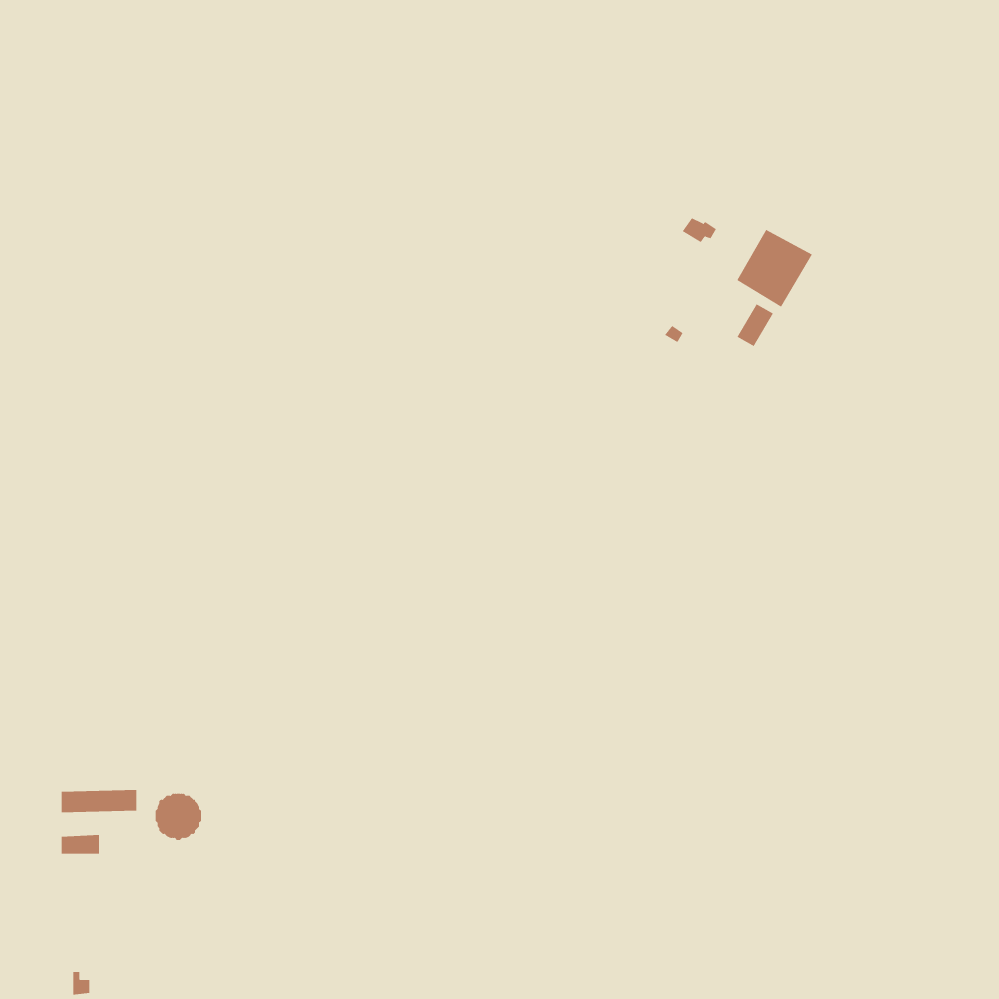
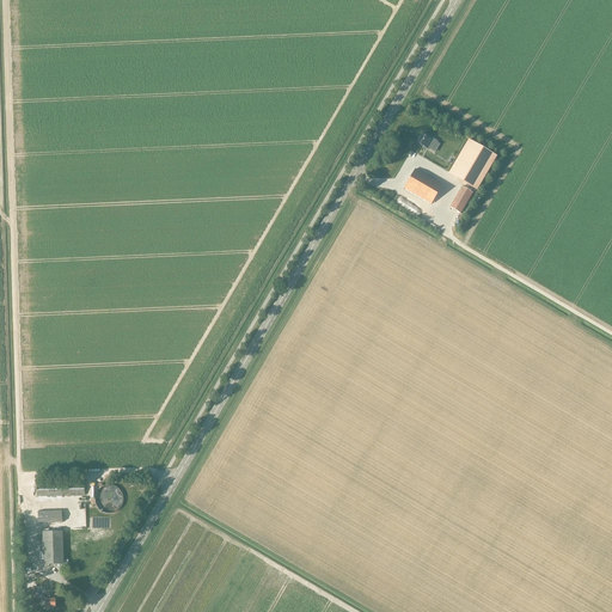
building: none -> [405,167,443,202]
building: none -> [43,531,63,563]

